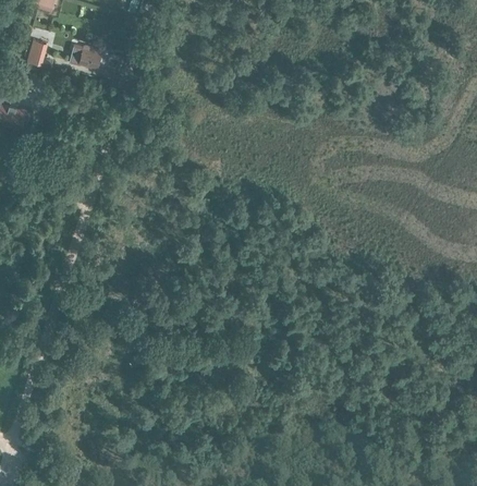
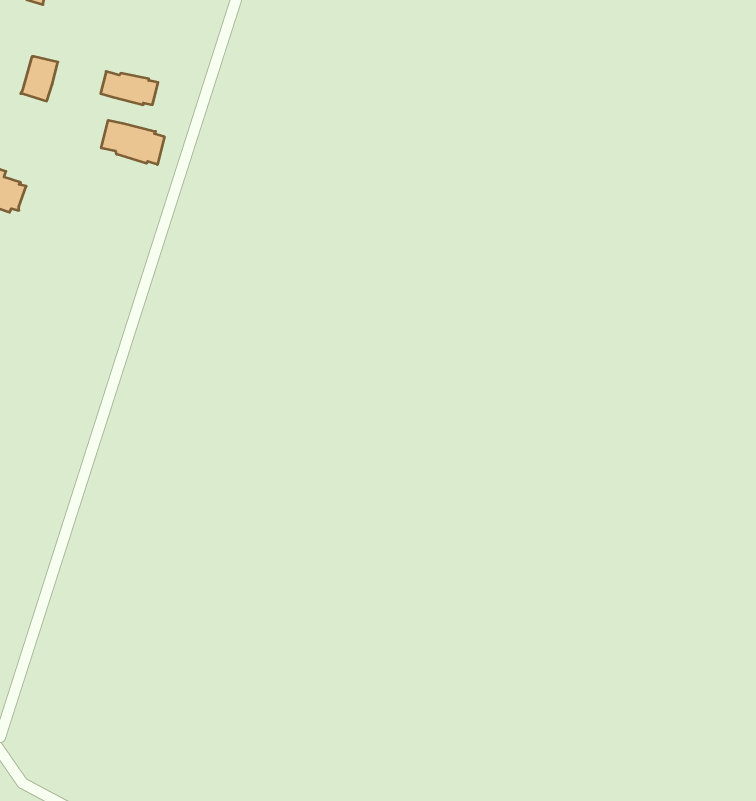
building: none -> [101,120,164,165]

